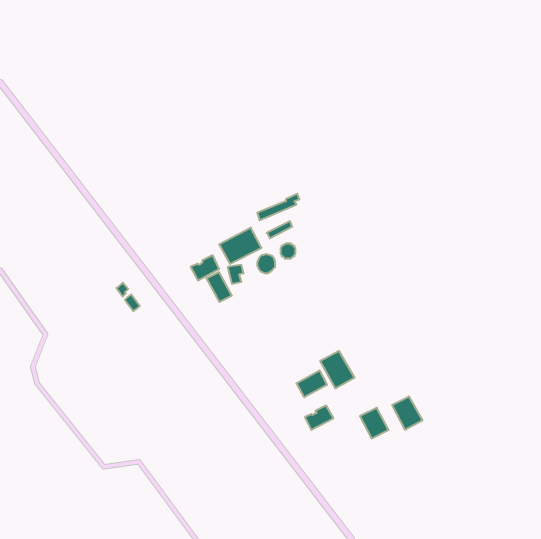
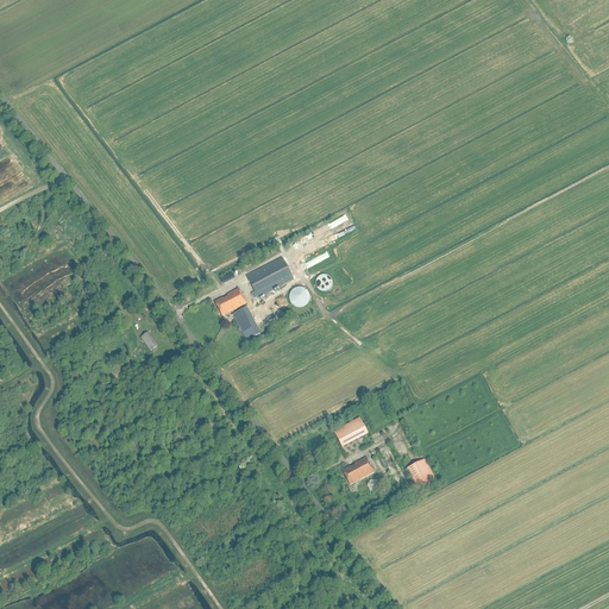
building: [320,351,355,388] -> none
building: [392,396,422,430] -> none

